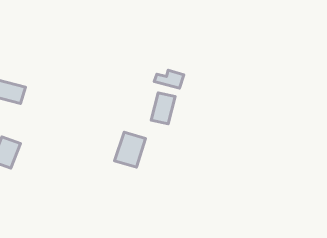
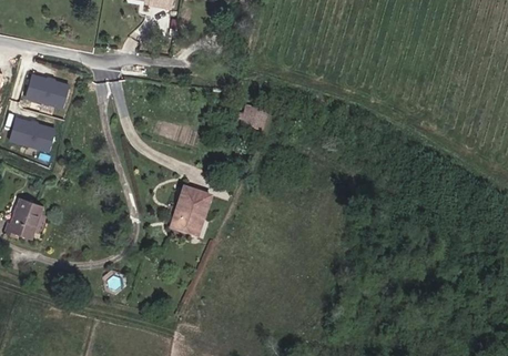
building: none -> [22,74,64,106]
building: [151,93,175,124] -> none

